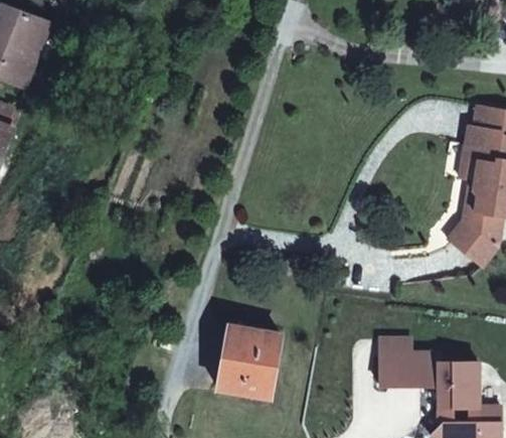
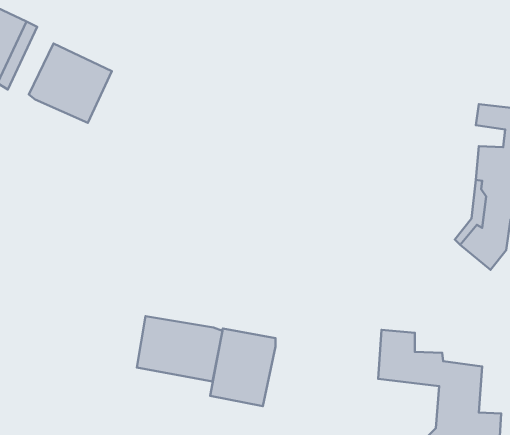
building: none -> [29,43,112,123]
building: [460,128,500,181] -> none
building: none -> [137,316,222,382]

